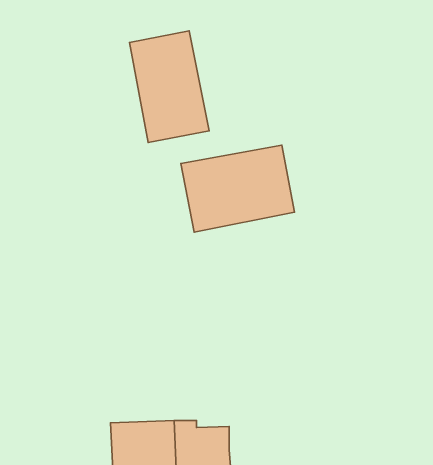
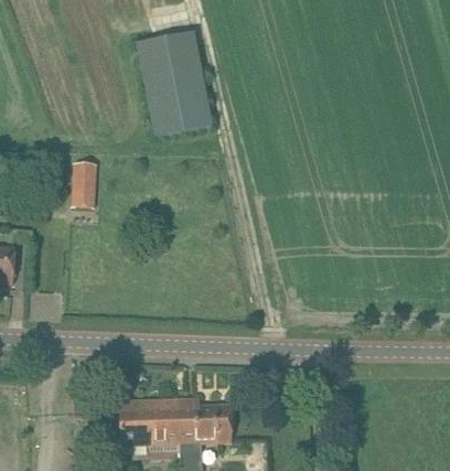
building: [181,145,295,232] -> none
building: none -> [69,162,97,206]

